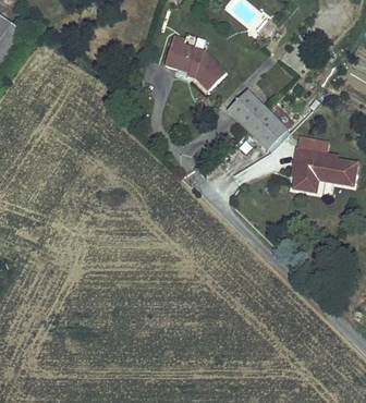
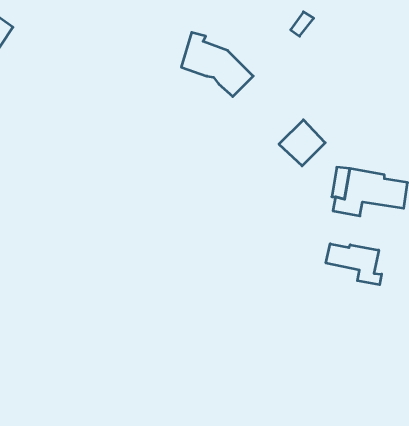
building: [227,89,267,130] -> none
building: none -> [326,244,382,285]

